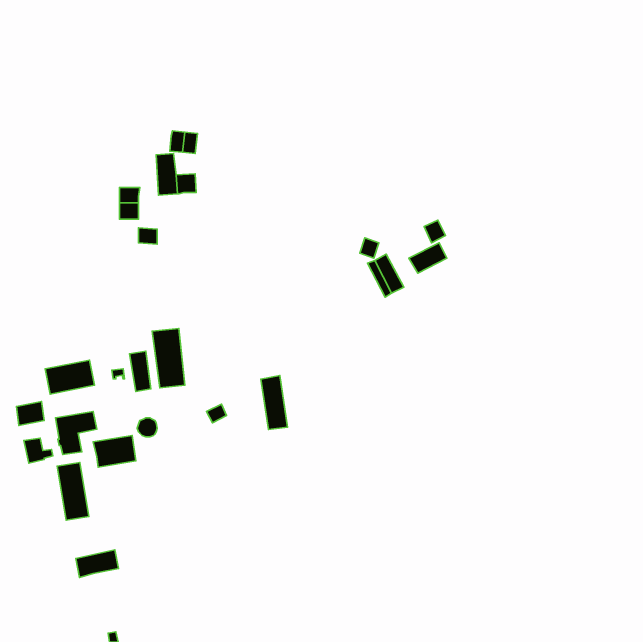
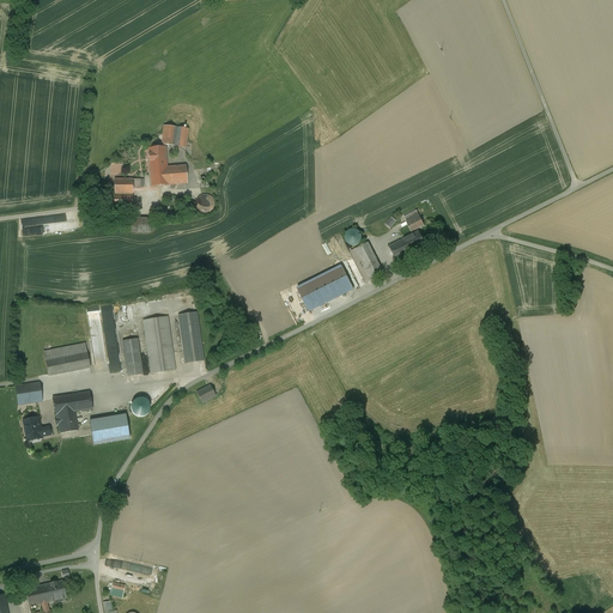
building: none -> [297,265,353,311]
building: [261,375,287,430] -> [178,311,204,363]
building: [57,462,89,520] -> none
building: [76,550,118,577] -> [25,579,66,606]

